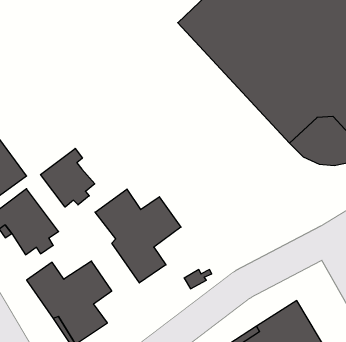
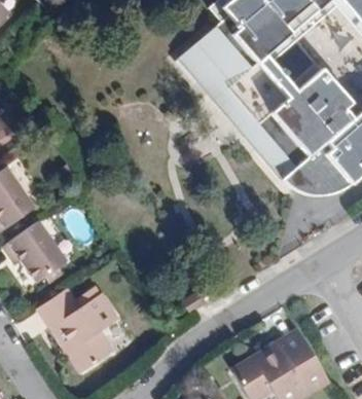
building: [41,148,95,207] -> none
building: [95,189,181,283] -> none

